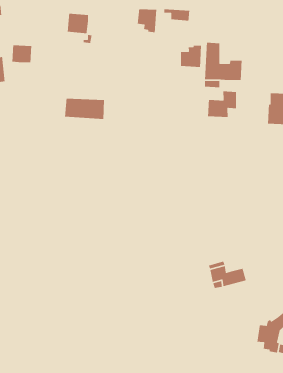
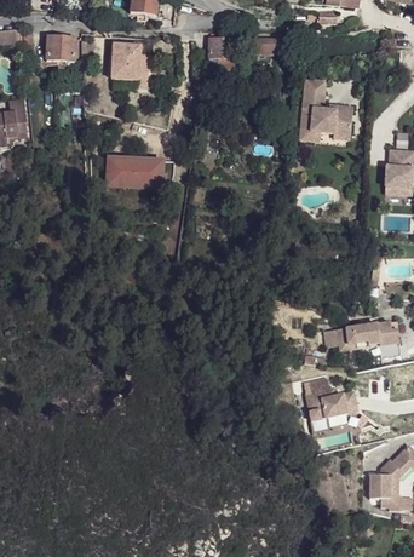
building: [12,44,32,63] -> [47,35,75,61]
building: [180,45,202,68] -> none
building: [207,91,237,118] -> none
building: none -> [334,320,396,348]

